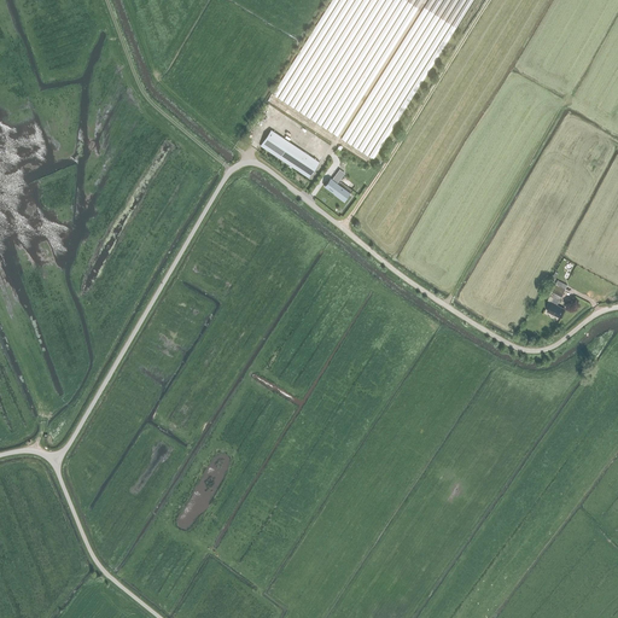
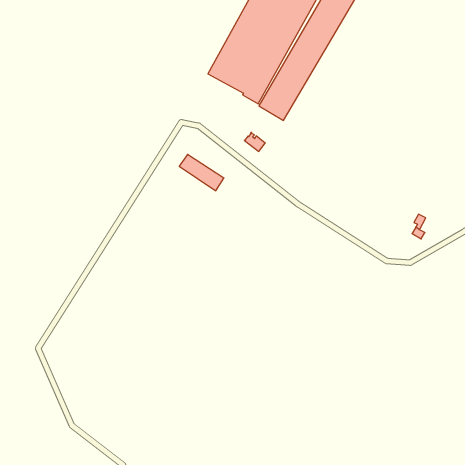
building: [258,129,317,177] -> [179,154,224,191]

